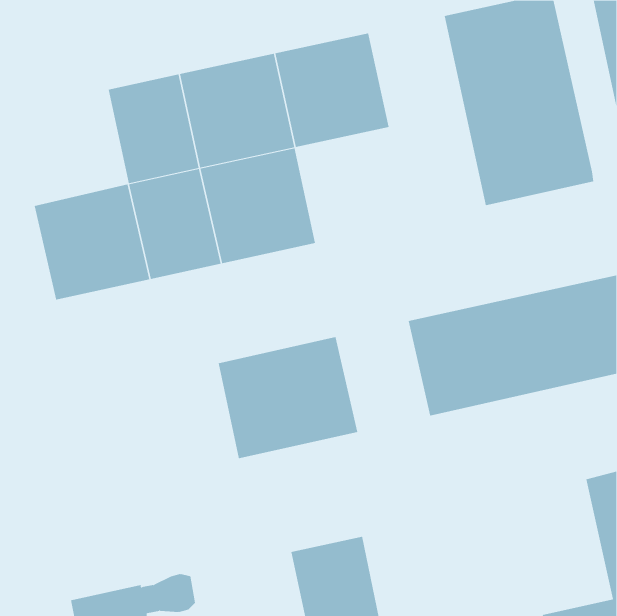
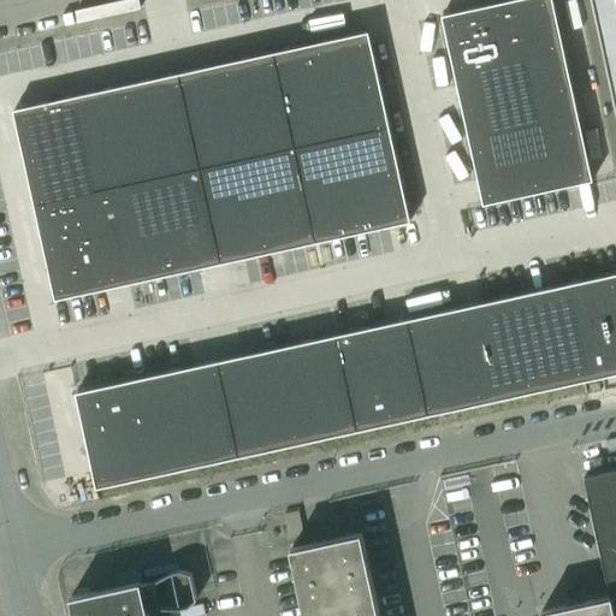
building: none -> [13,91,128,207]
building: none -> [294,129,409,244]
building: none -> [334,321,427,432]
building: none -> [76,363,237,488]

